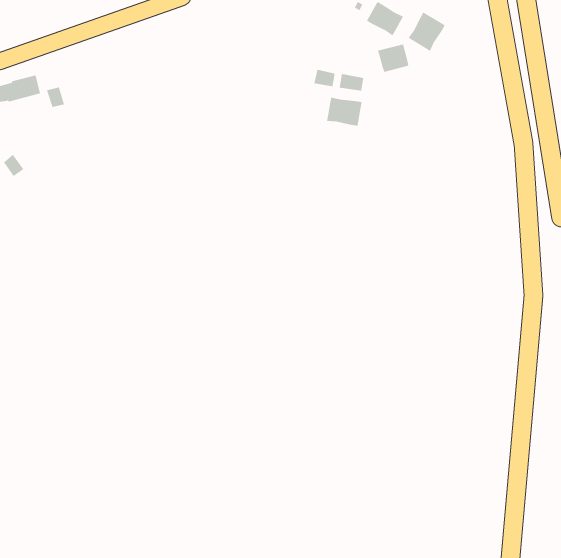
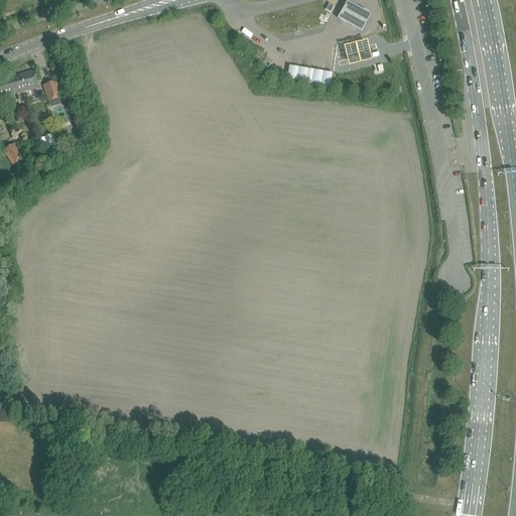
building: [408,12,446,52] -> none
building: [326,97,362,126] -> none

